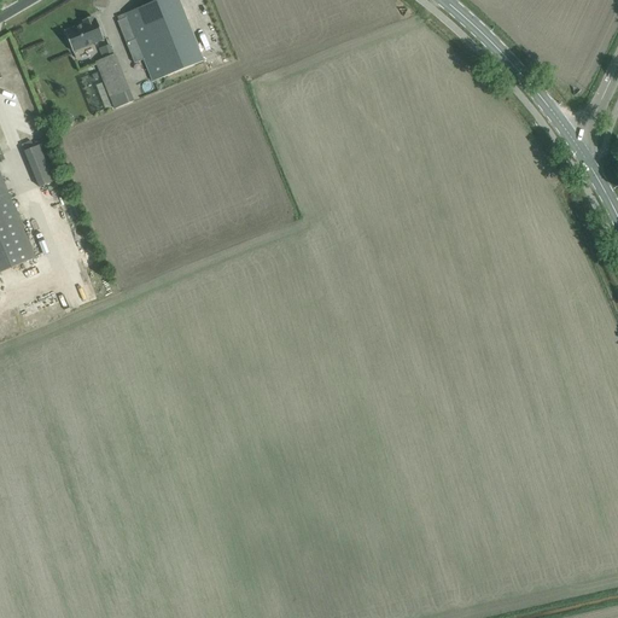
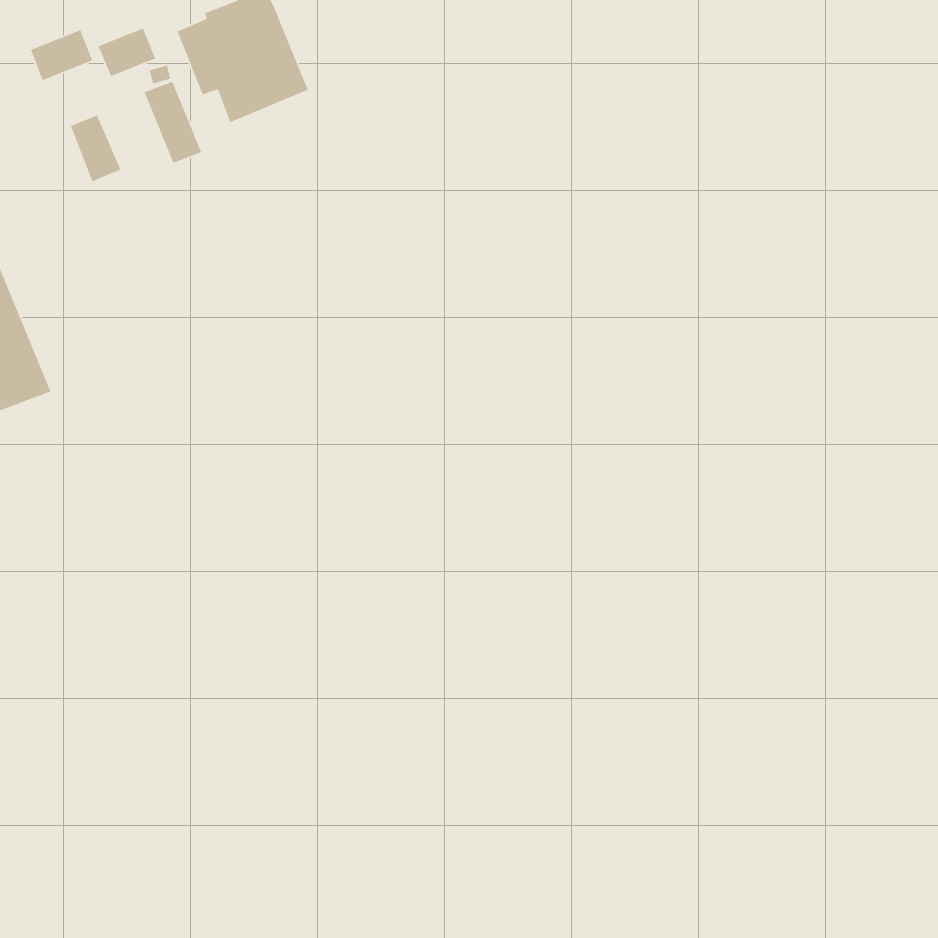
building: none -> [30,29,93,81]
building: [21,141,54,186] -> [70,114,121,183]

